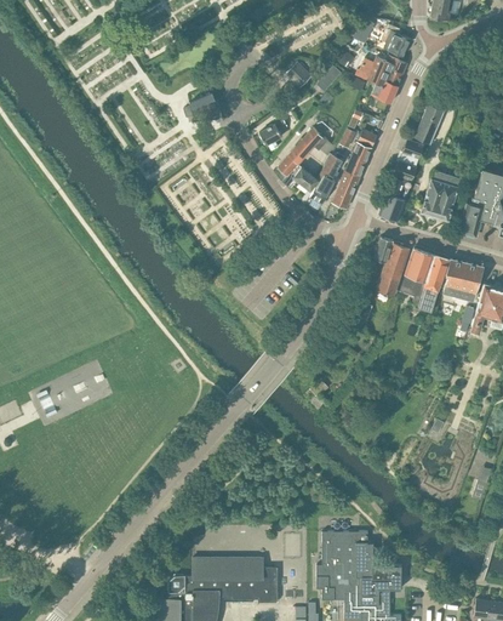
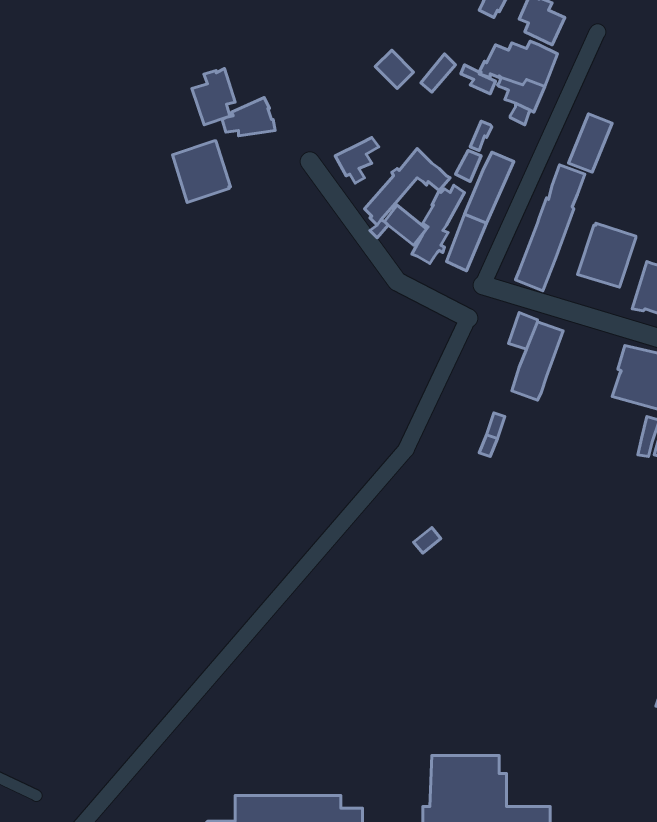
building: none -> [192,69,235,125]
building: none -> [172,141,231,202]
building: [398,246,450,312] -> none

